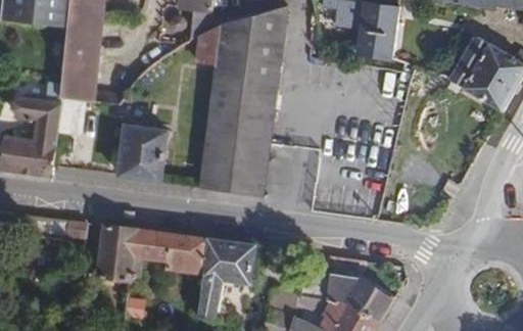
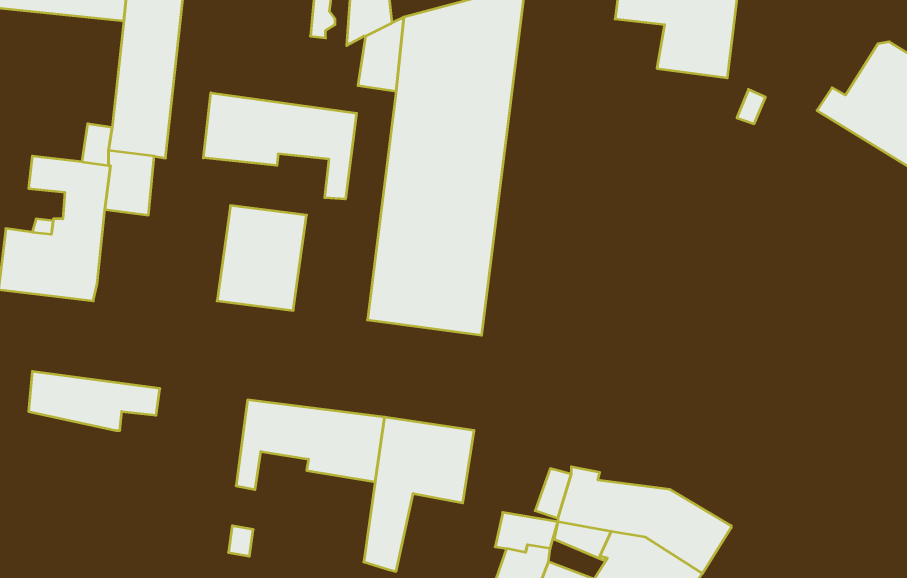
building: none -> [203,93,357,199]
building: [97,226,135,289] -> none

